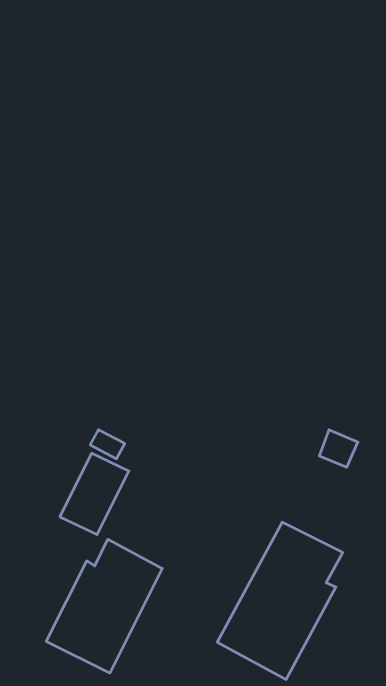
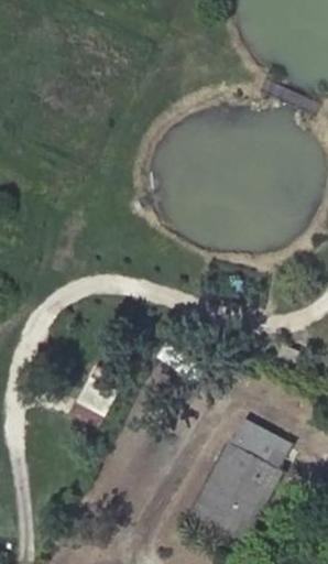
building: [46,539,162,673] -> none

